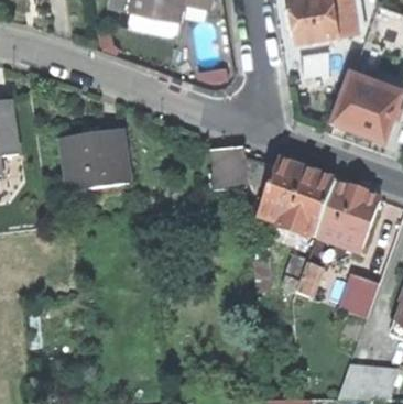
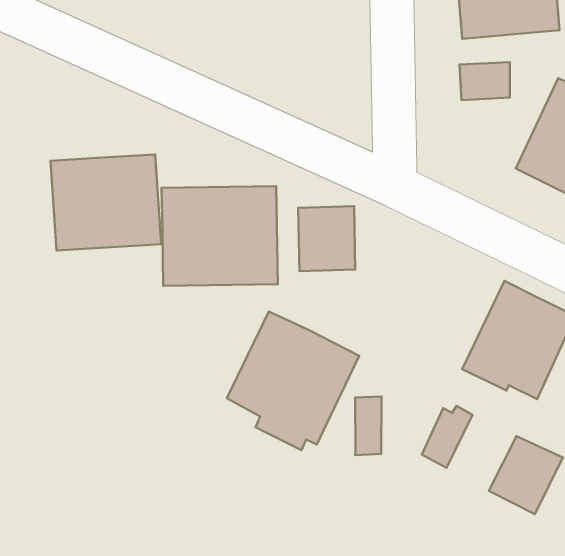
building: none -> [162,186,278,286]
building: [260,161,336,241] -> [227,312,359,450]

